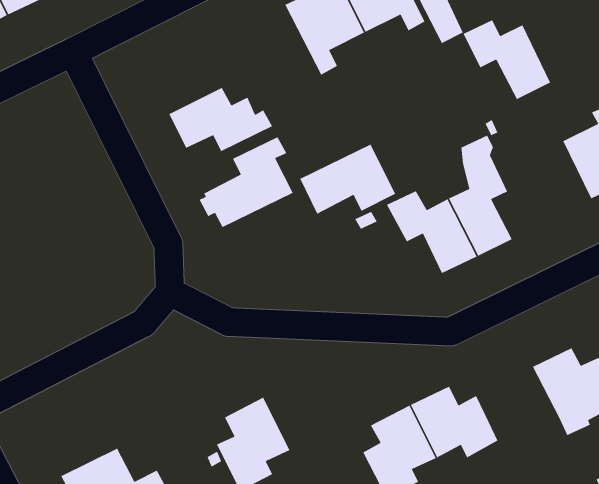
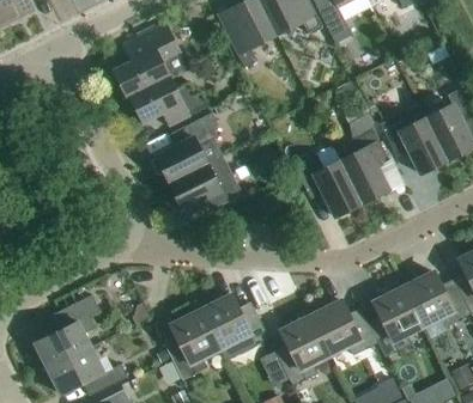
building: none -> [113,23,187,97]
building: [462,19,551,100] -> [380,112,447,173]
building: [299,144,396,215] -> [169,155,242,209]
building: none -> [368,286,423,356]
building: none -> [34,294,99,368]
building: none -> [200,294,268,349]

